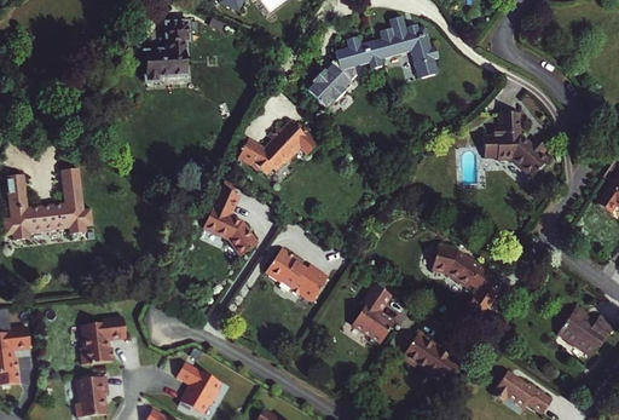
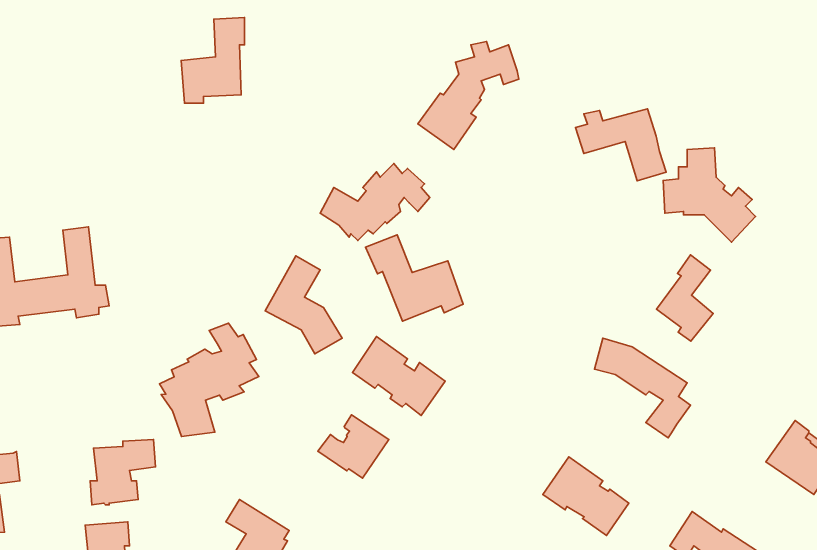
building: [375,25,439,76] -> [575,109,666,181]
building: none -> [366,235,463,321]
building: none -> [657,255,713,341]
building: none -> [160,323,259,436]
building: [349,282,393,345] -> none
building: none -> [318,415,389,478]

